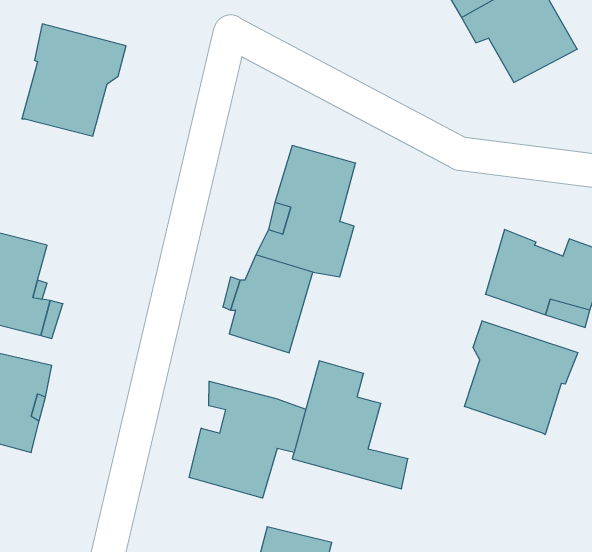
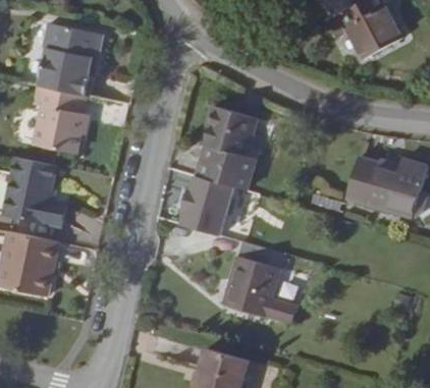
building: none -> [40,85,91,153]
building: [465,321,578,435] -> none
building: [189,381,306,498] -> none

